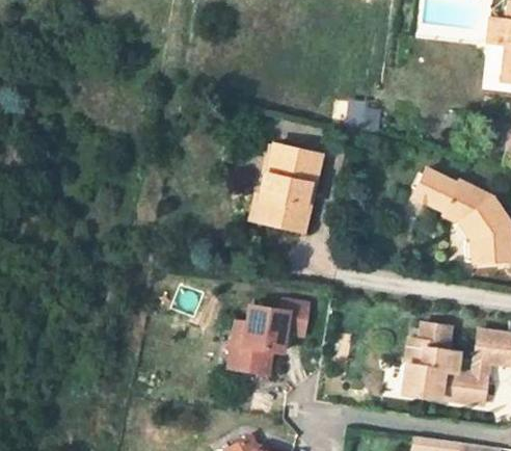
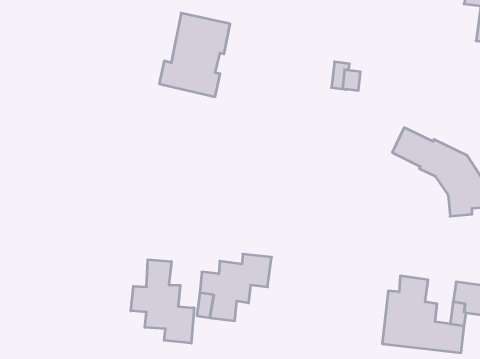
building: [250,144,324,232] -> [159,13,230,97]
building: none -> [131,260,194,343]

